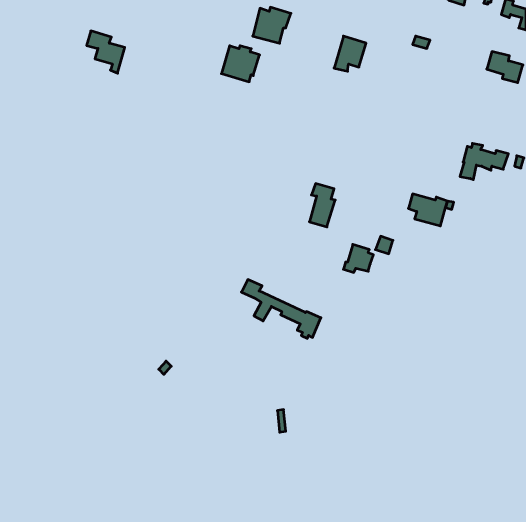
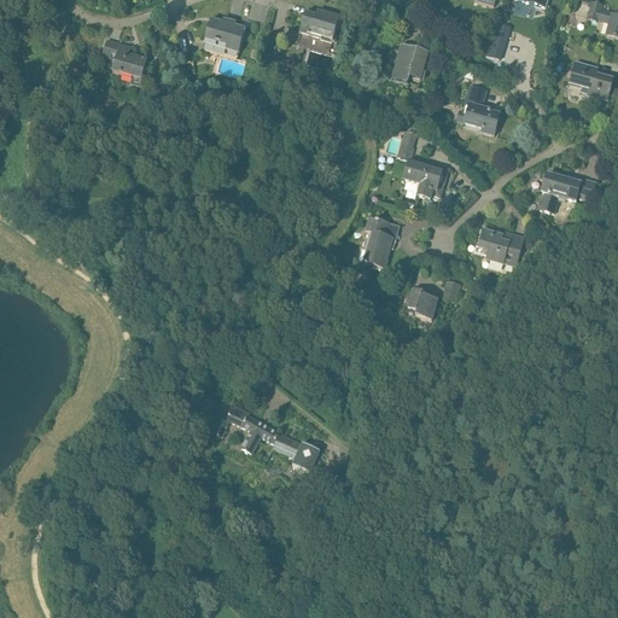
building: [221,46,260,82] -> [200,16,245,58]
building: none -> [462,83,500,133]
building: none -> [396,127,448,196]
building: [241,280,321,338] -> [226,403,319,472]

